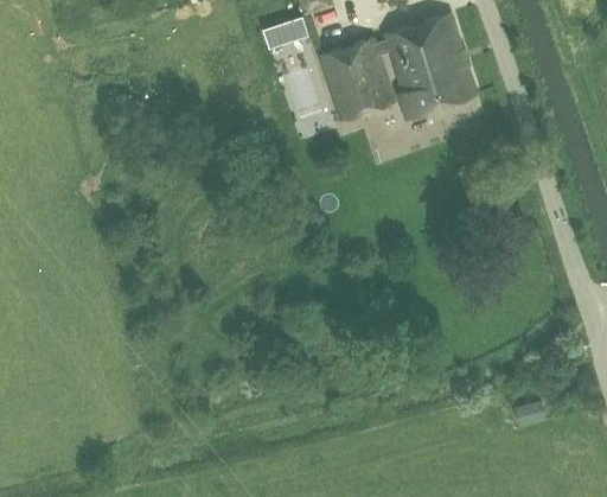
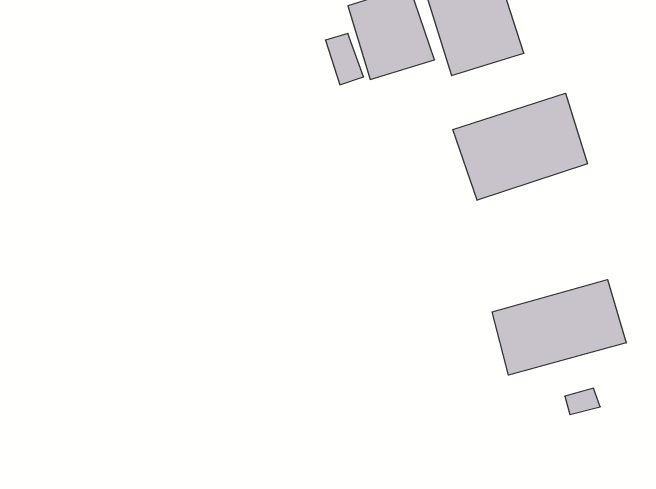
building: none -> [453,93,587,200]
building: none -> [492,280,626,375]

